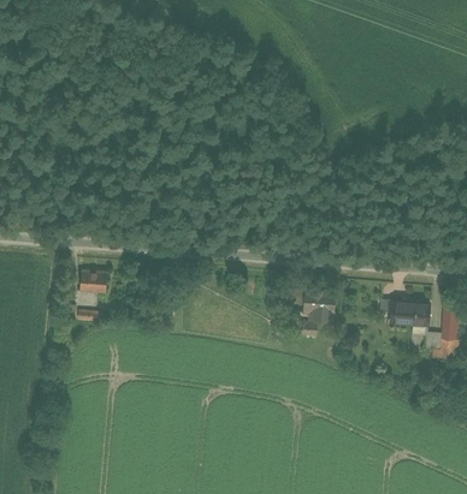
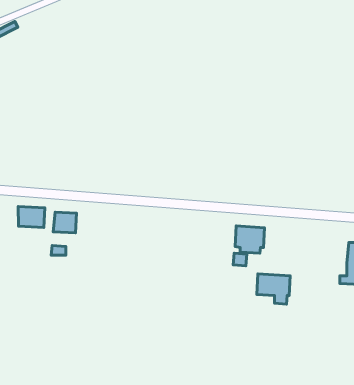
building: none -> [18,206,45,227]
building: [389,297,430,334] -> [257,274,290,304]

